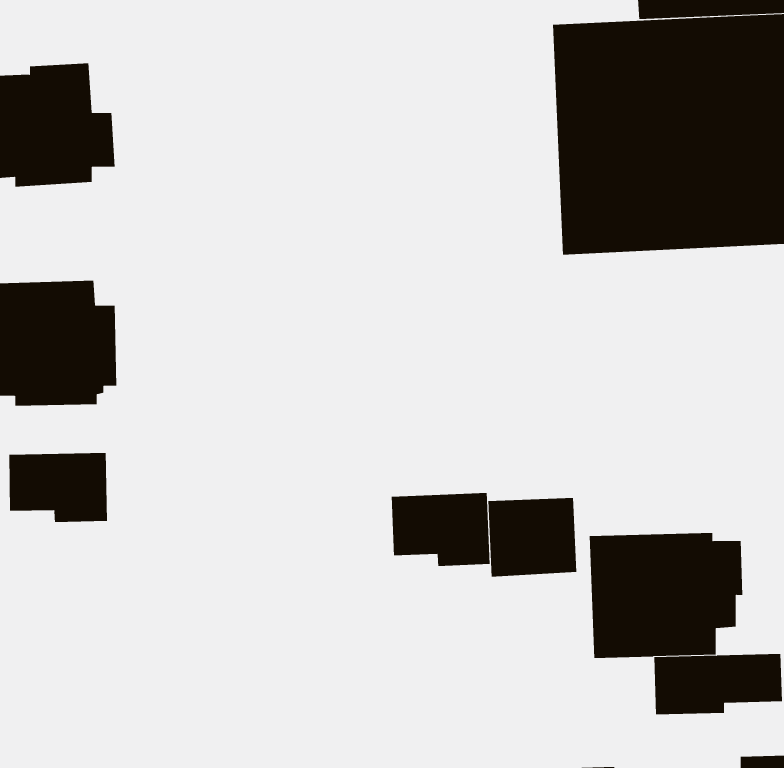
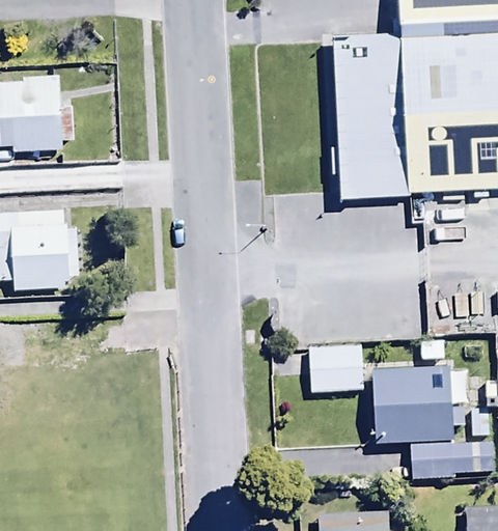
building: [9,452,108,523] -> none
building: [391,492,490,567] -> none

